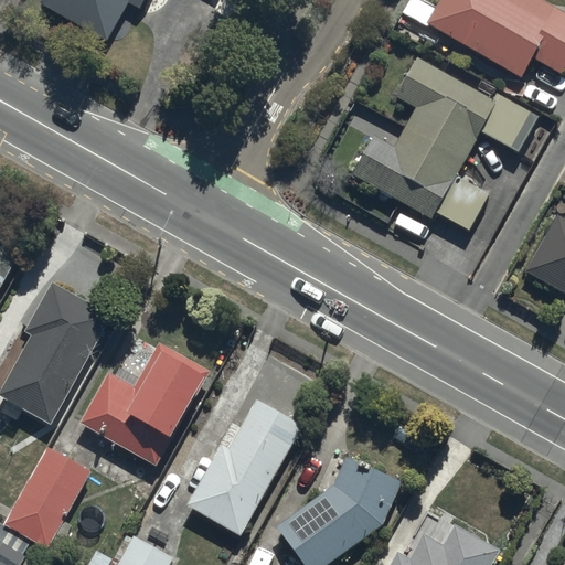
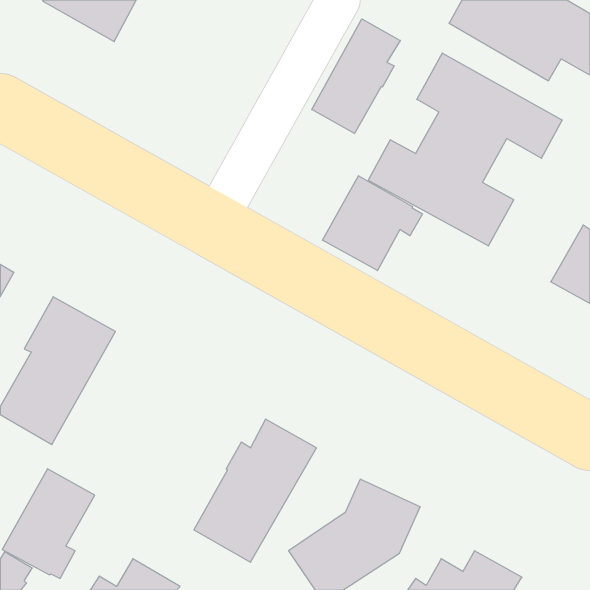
building: none -> [312,19,400,133]
building: none -> [323,176,423,271]
building: [78,345,207,468] -> none

